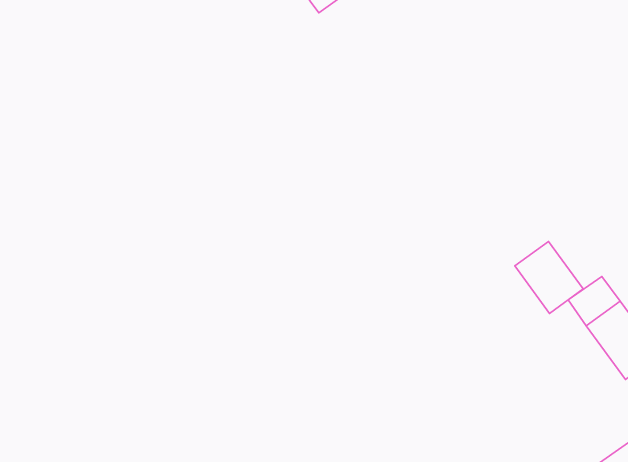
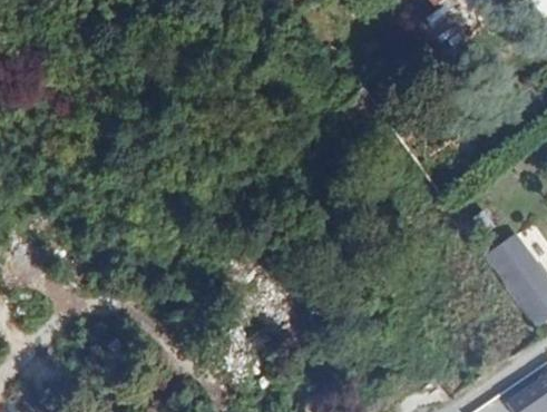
building: [515,241,583,313] -> none

